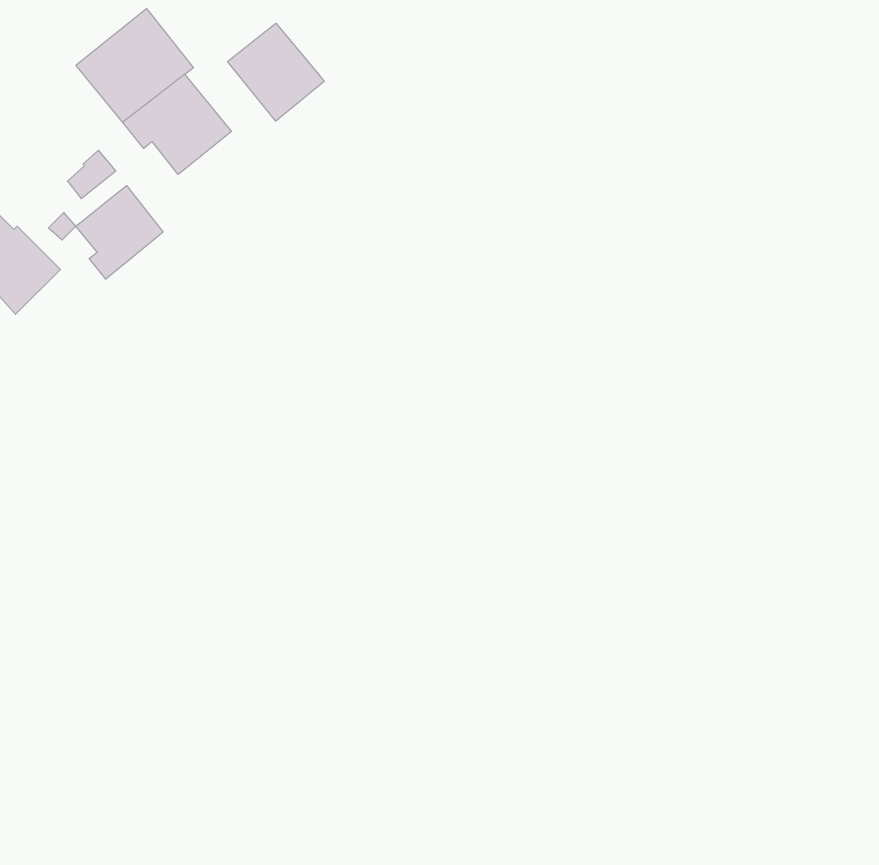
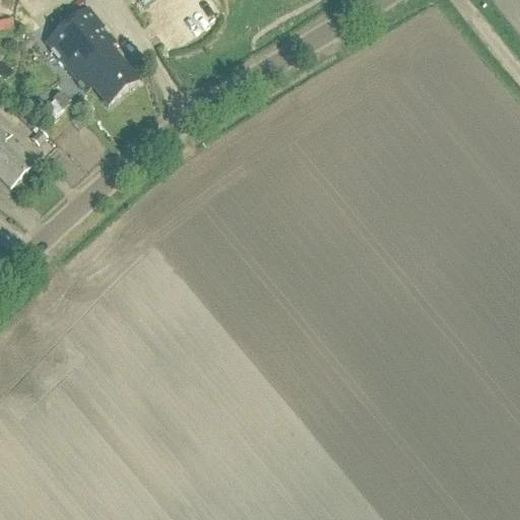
building: [228,23,324,121] -> none
building: [76,186,163,279] -> none

